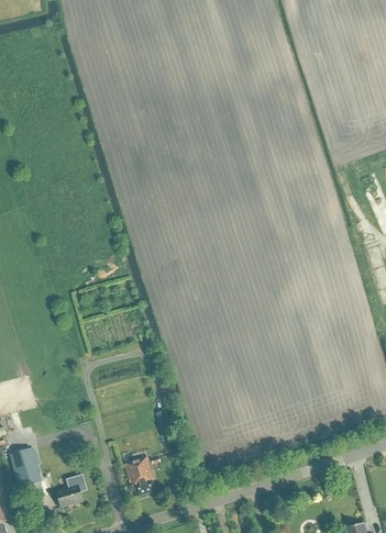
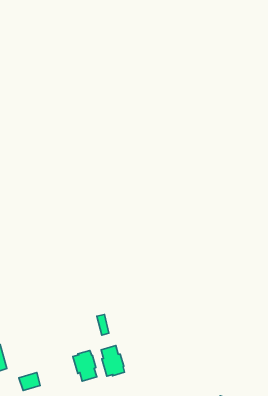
building: none -> [101,346,125,376]

